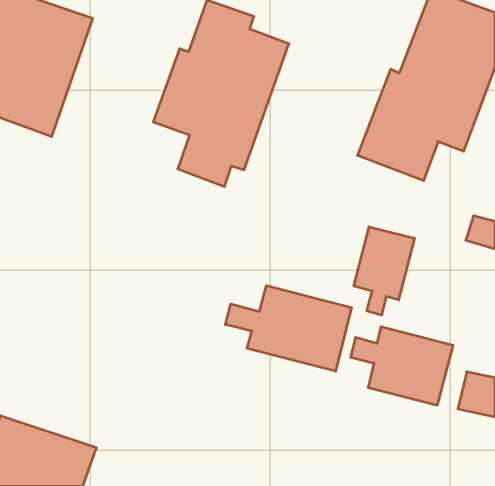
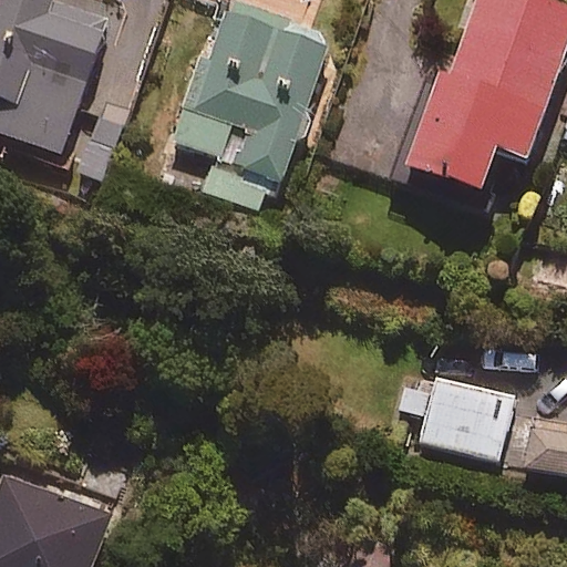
building: [354,227,414,315] -> none
building: [225,286,351,371] -> none

